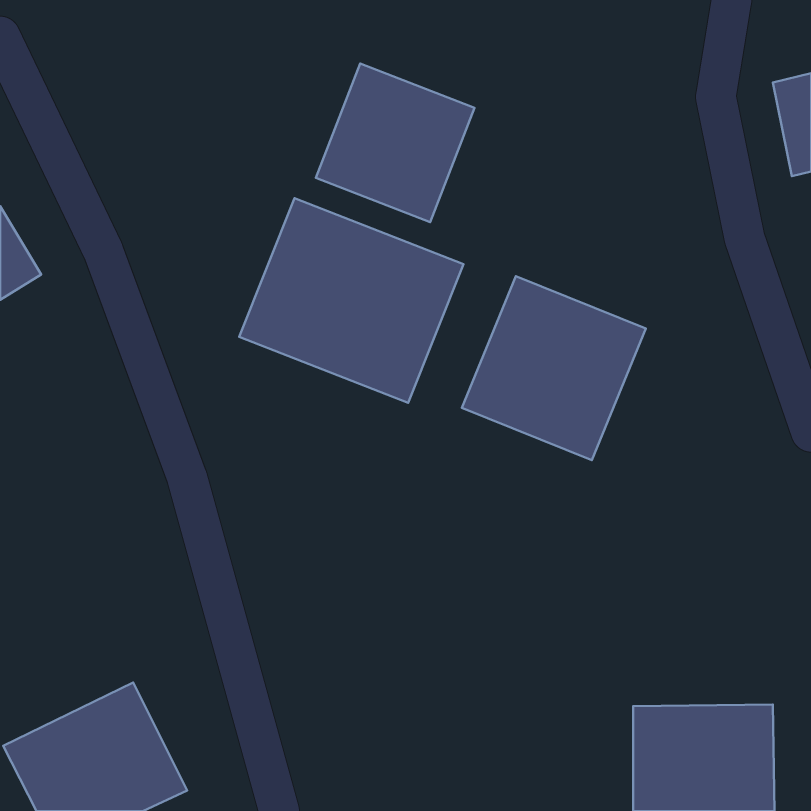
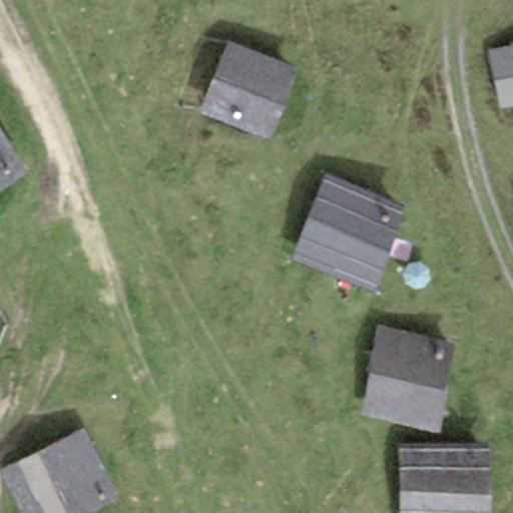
building: [239,198,463,403] -> none
building: none -> [359,327,458,434]

